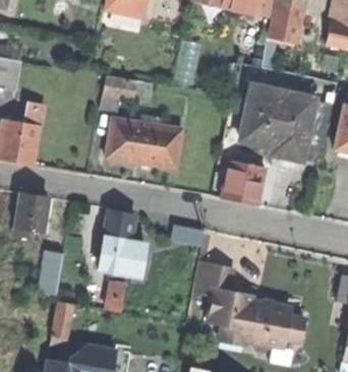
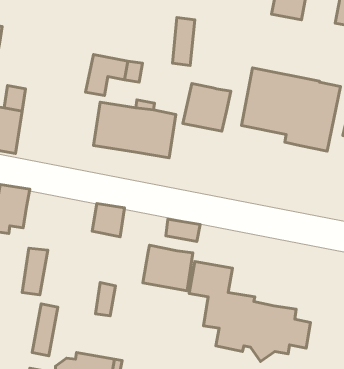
building: [221,161,265,204] -> [183,83,231,131]
building: [99,236,144,277] -> [143,245,193,291]

